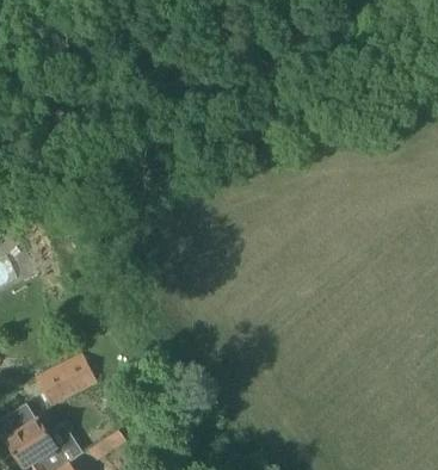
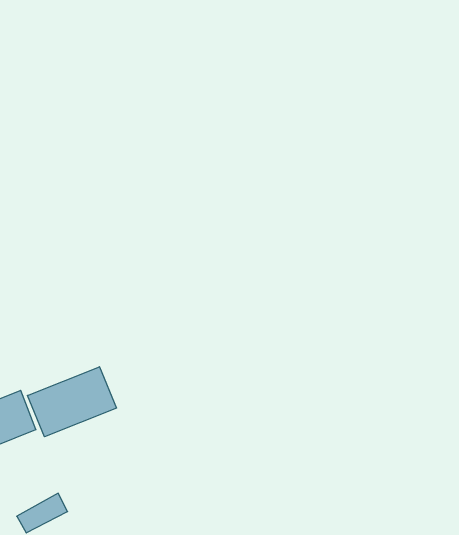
building: none -> [27,367,116,437]

